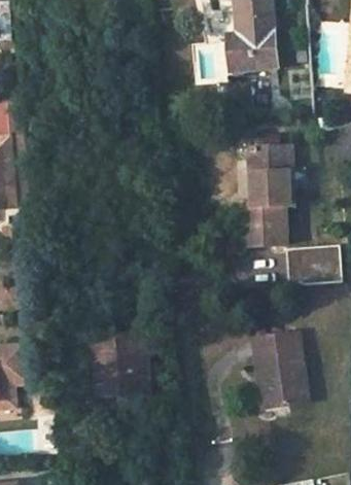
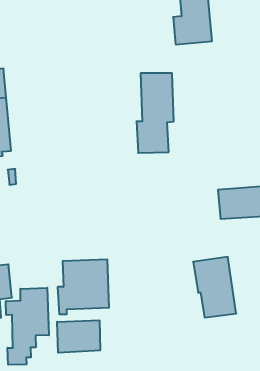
building: [244,146,290,245] -> [136,73,174,153]
building: none -> [6,288,49,365]
building: none -> [57,320,100,353]

